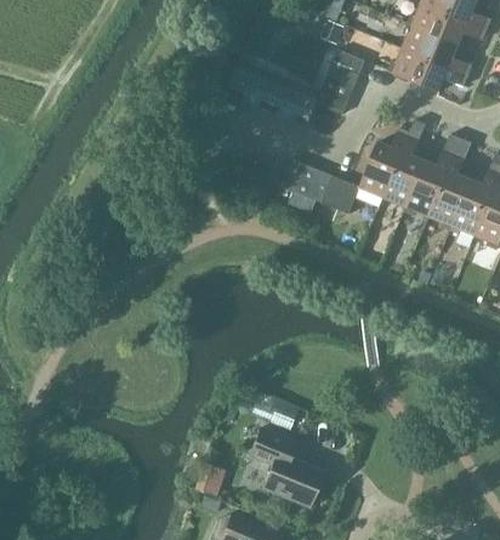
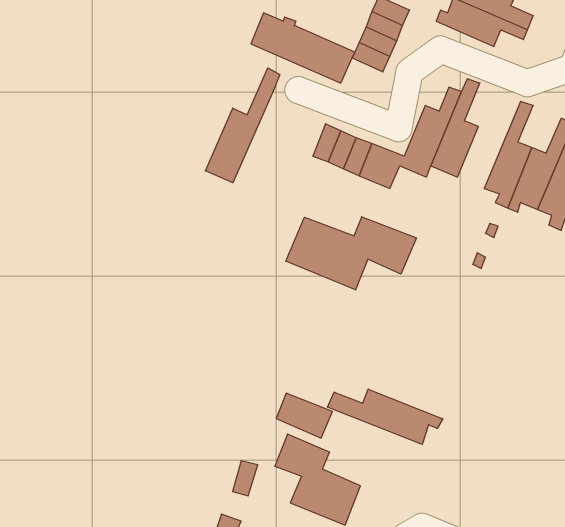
building: none -> [205,68,280,183]
building: [403,135,460,217] -> none
building: none -> [286,217,416,290]
building: none -> [328,389,443,444]

